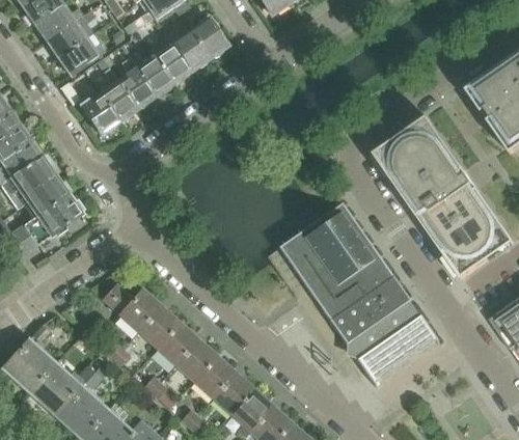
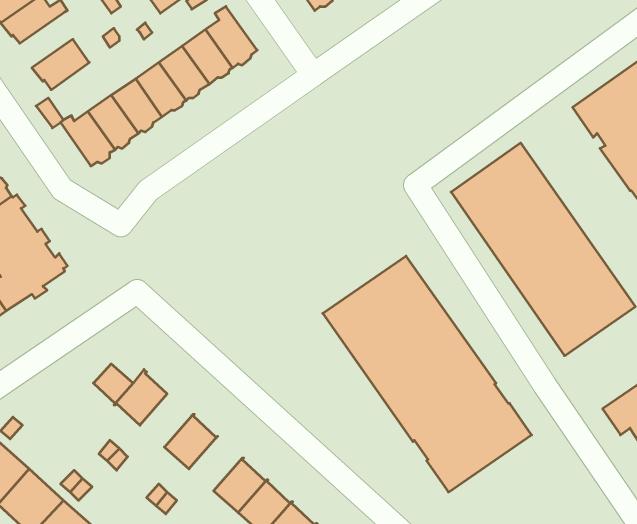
building: [48,17,93,59] -> none
building: [139,306,179,348] -> none
building: [176,339,217,381] -> none

